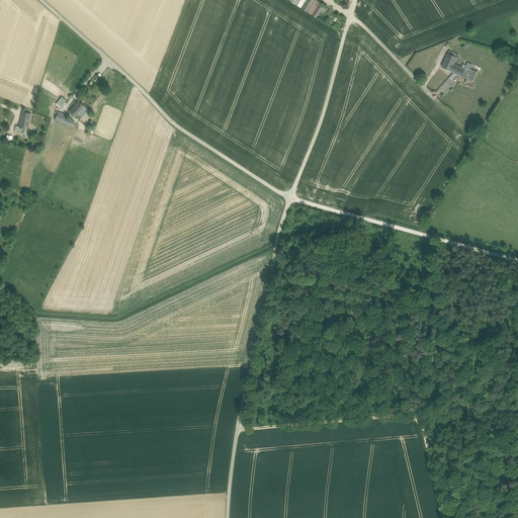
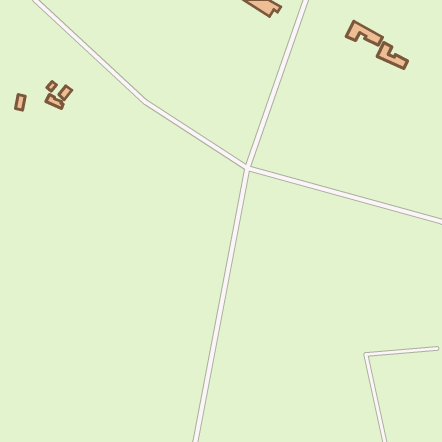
building: none -> [346,21,383,45]

